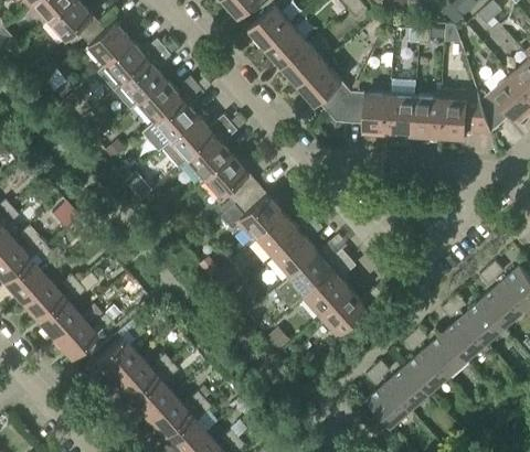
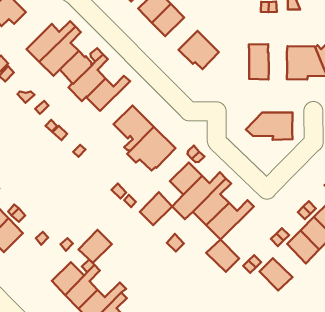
building: [84,22,134,65] -> none
building: [282,44,325,86] -> none
building: [328,93,391,130] -> [246,112,293,140]
building: [414,97,441,133] -> none
building: [182,123,239,183] -> none
building: [259,215,303,258] -> [140,192,172,225]
building: [52,314,97,358] -> none
building: [95,336,139,379] -> [79,230,112,263]
building: [405,349,448,394] -> none
building: [367,384,410,427] -> [206,239,239,272]

